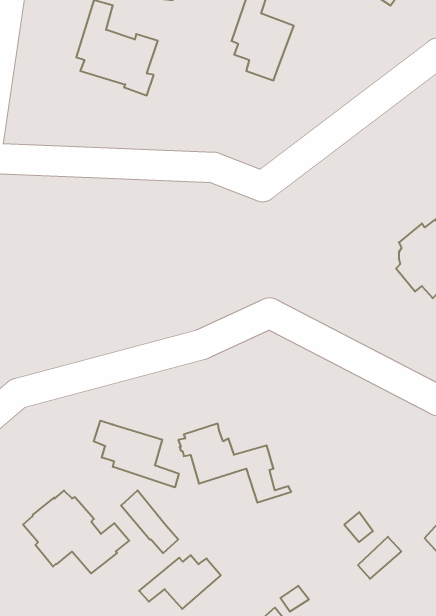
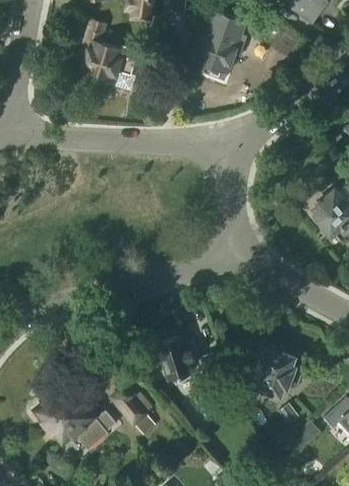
building: [94,421,179,487] -> none
building: none -> [242,345,295,396]
building: [139,555,221,609] -> none

